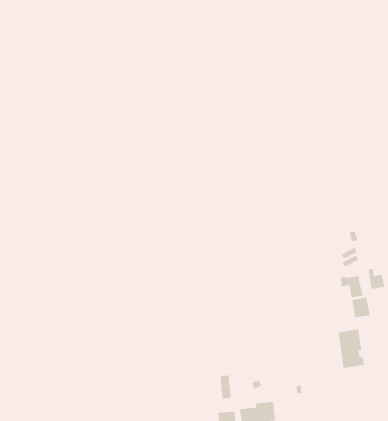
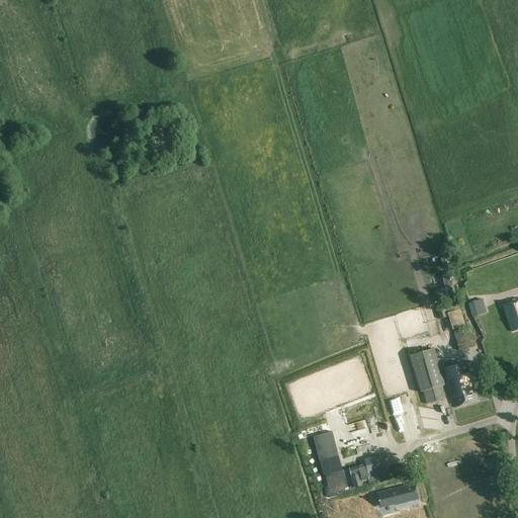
building: none -> [409,348,444,403]

